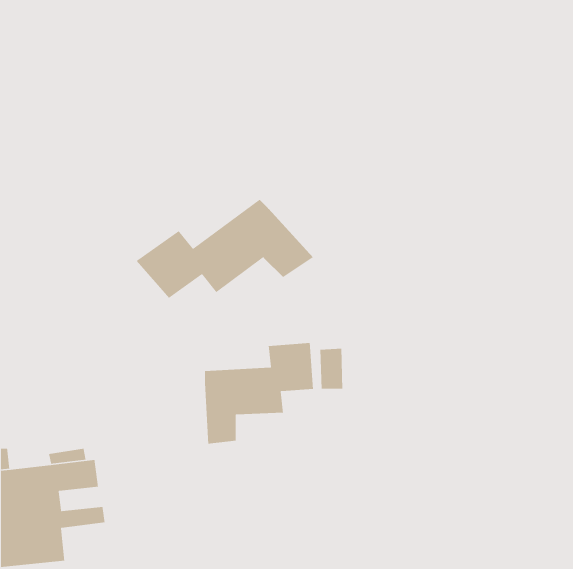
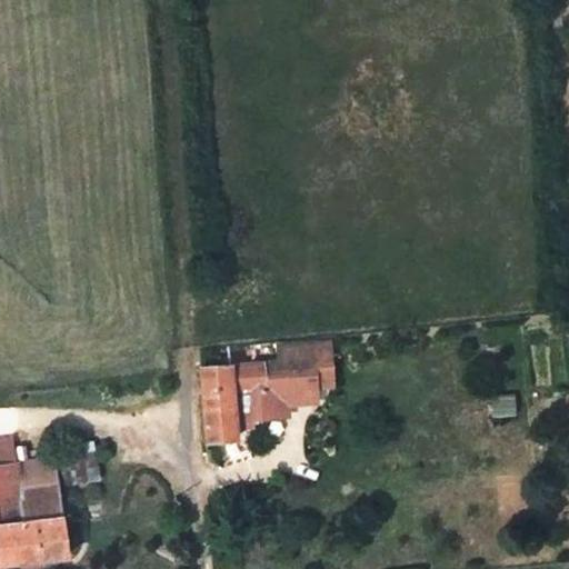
building: [135,199,314,299] -> none

